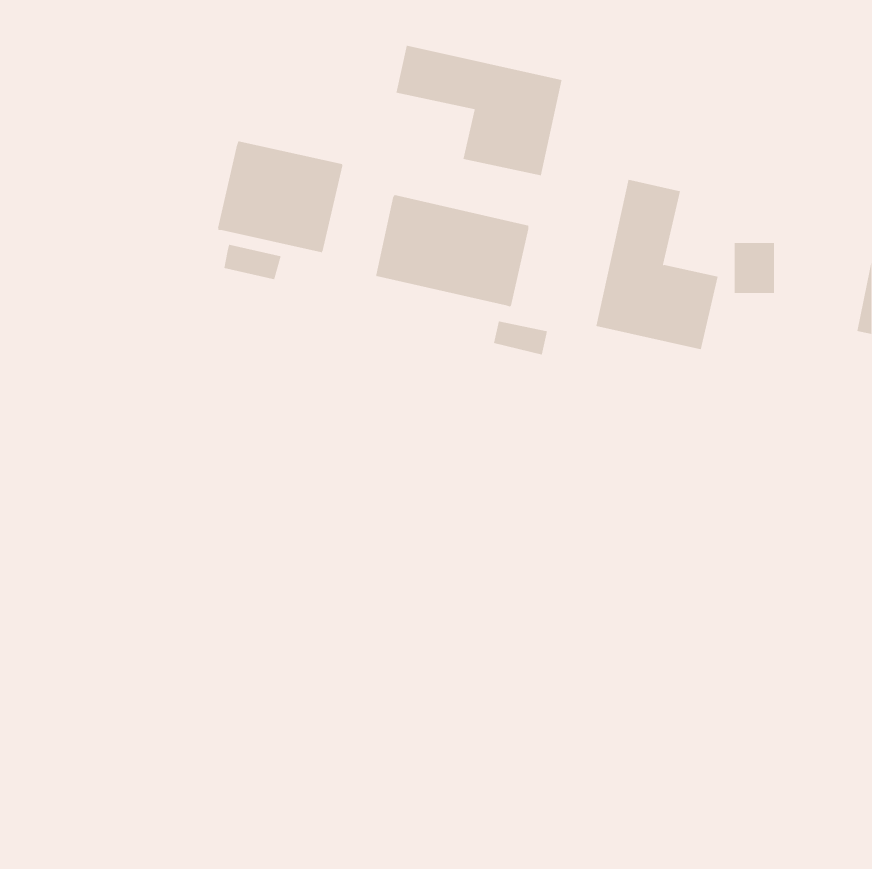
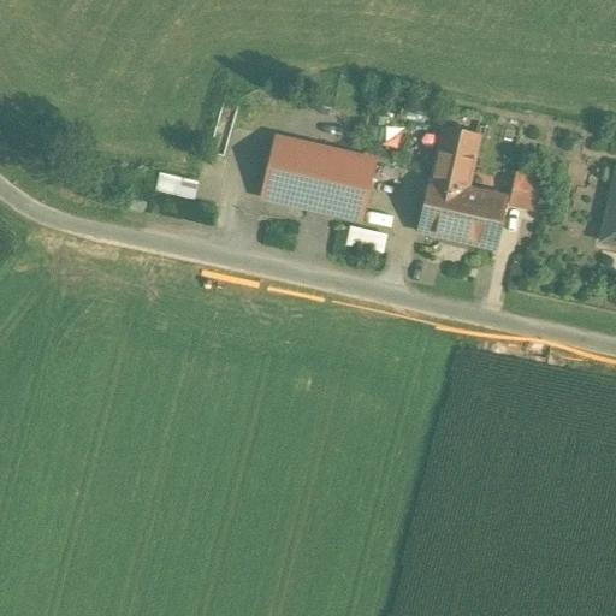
building: [396,45,562,176] -> none
building: [218,141,343,254] -> none

